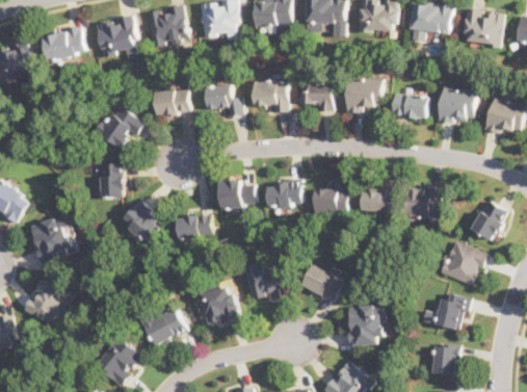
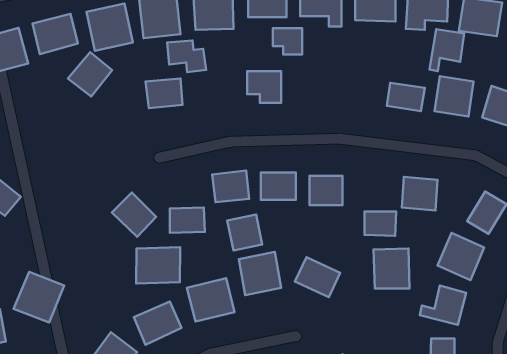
building: none -> [429,29,464,71]
building: [344,77,381,112] -> none
building: [301,83,331,109] -> [273,28,302,54]
building: [204,84,242,115] -> [167,40,206,72]
building: [97,107,140,151] -> [68,52,112,97]
building: [99,163,123,198] -> none
building: [361,187,392,211] -> [364,212,396,236]
building: [28,214,76,263] -> none
building: none -> [227,215,262,251]
building: none -> [136,247,180,284]
building: [347,305,383,344] -> [374,248,410,289]

